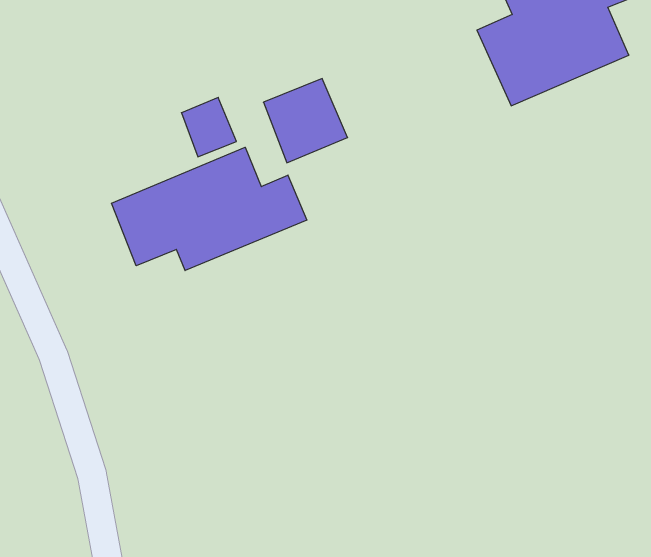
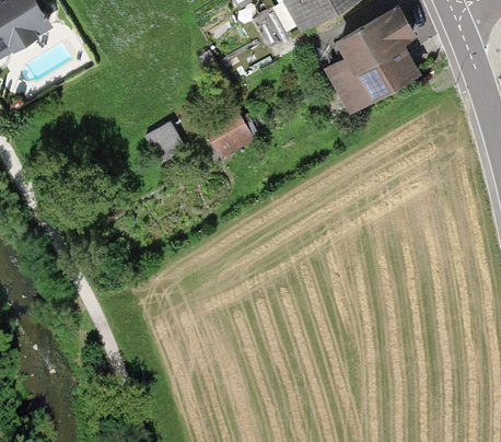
building: [112,147,307,271] -> none

